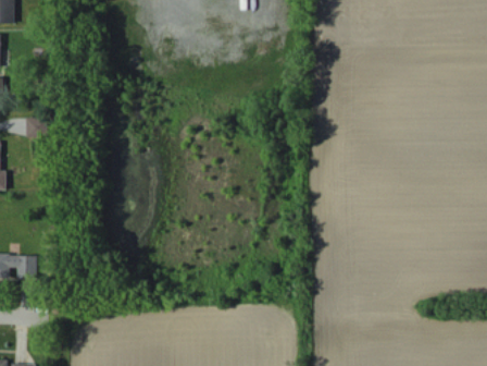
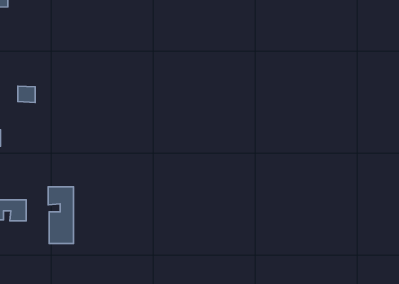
building: none -> [48,187,73,243]

